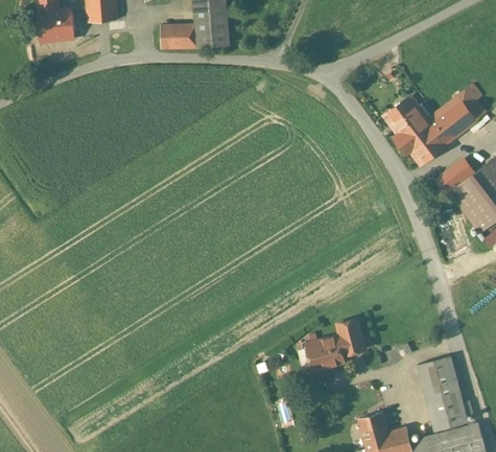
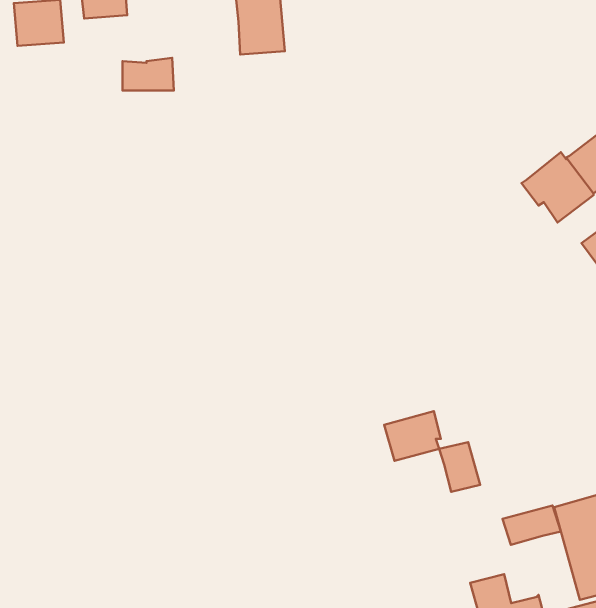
building: [161,24,197,47] -> [122,58,174,90]
building: [383,96,428,135] -> none
building: [305,334,345,369] -> [384,411,441,461]
building: none -> [503,506,561,545]

